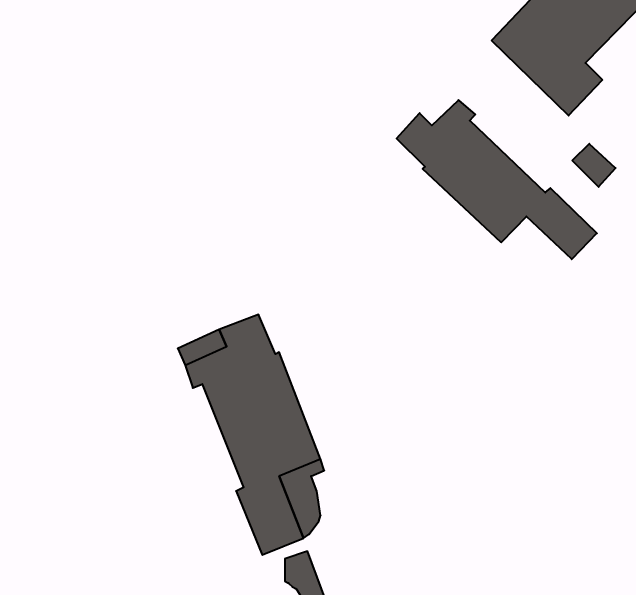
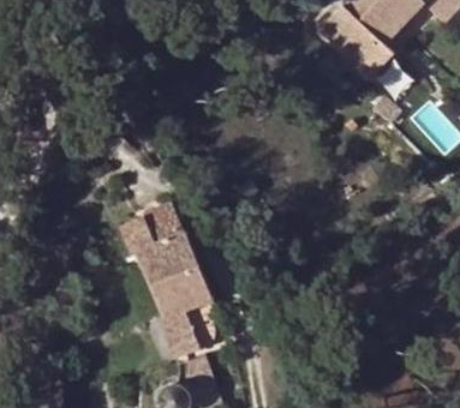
building: [397,100,597,259] -> none

